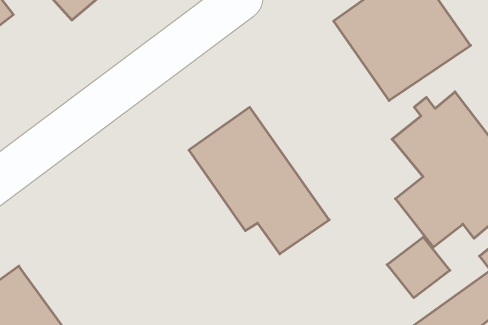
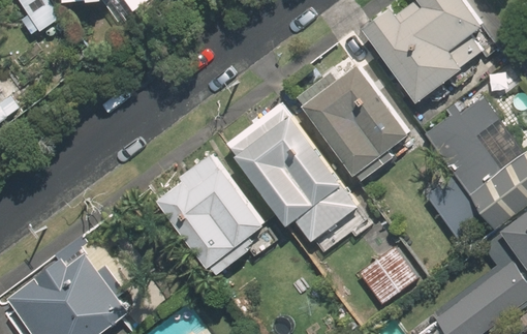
building: none -> [300,57,411,170]
building: none -> [160,154,269,269]
building: [387,237,450,298] -> [355,249,414,306]

